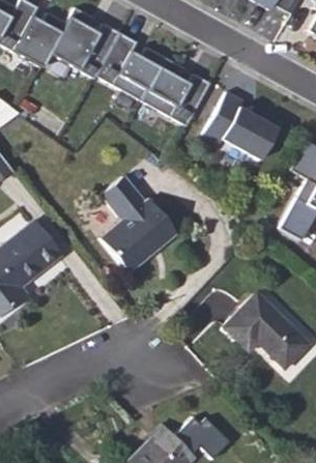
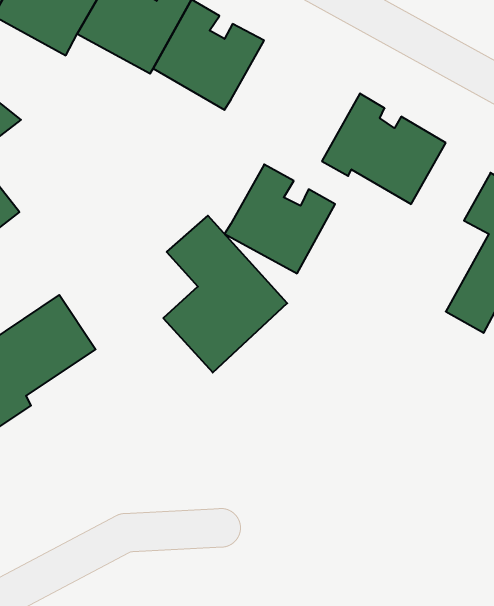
building: [142,62,211,131] -> [224,164,335,273]
building: [218,290,305,366] -> none

